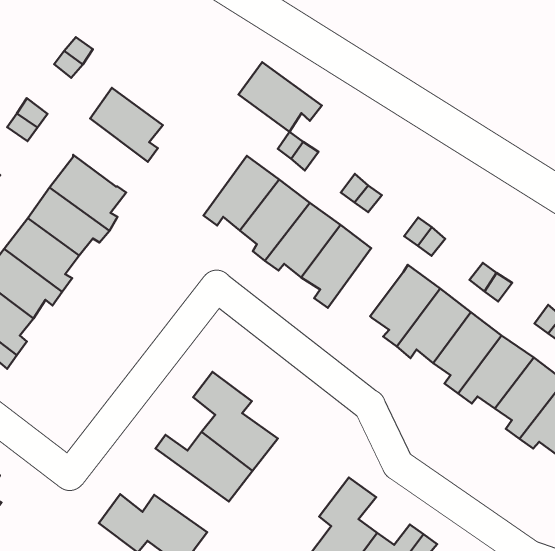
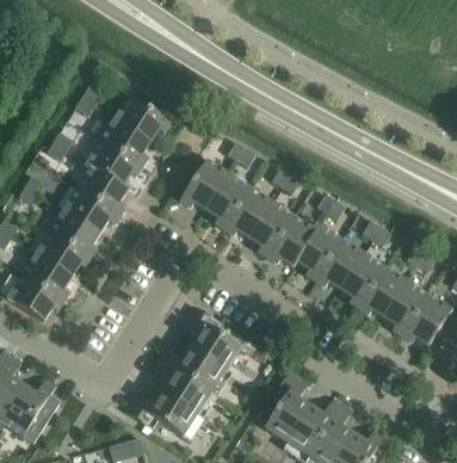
building: [238,62,322,132] -> [115,98,171,143]
building: none -> [86,142,142,186]
building: none -> [268,216,317,267]
building: none -> [154,359,211,413]

